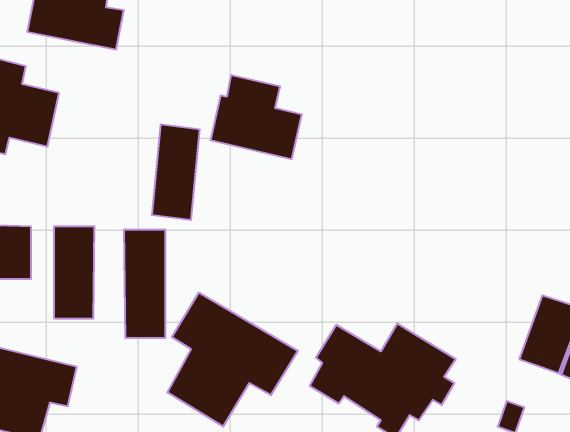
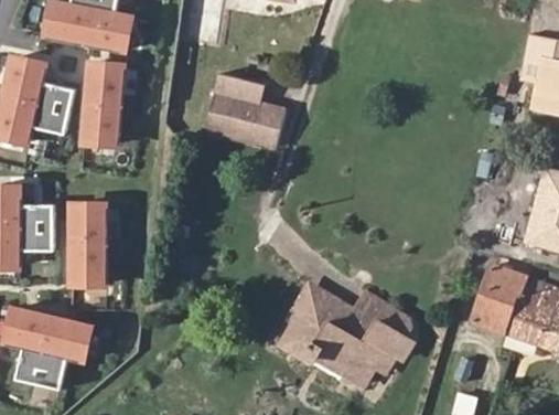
building: [152,124,200,220] -> [79,63,121,146]
building: [124,229,165,338] -> none
building: [167,293,298,427] -> none

